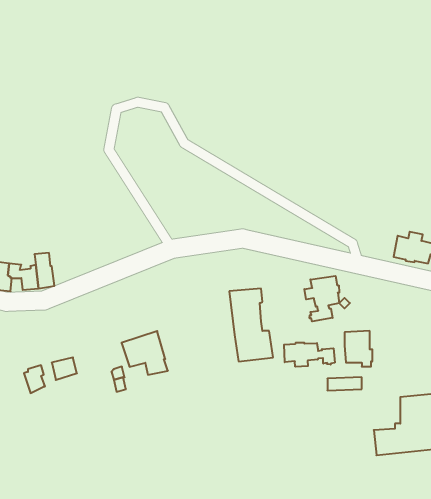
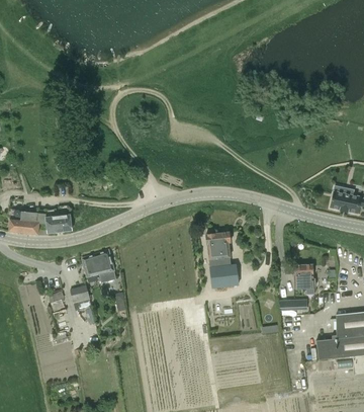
building: [304,276,339,321] -> none
building: [121,331,168,375] -> [81,249,116,282]
building: [284,343,335,367] -> none

